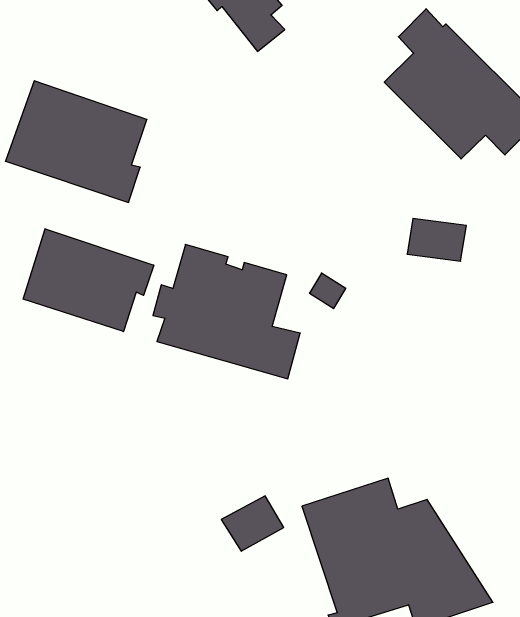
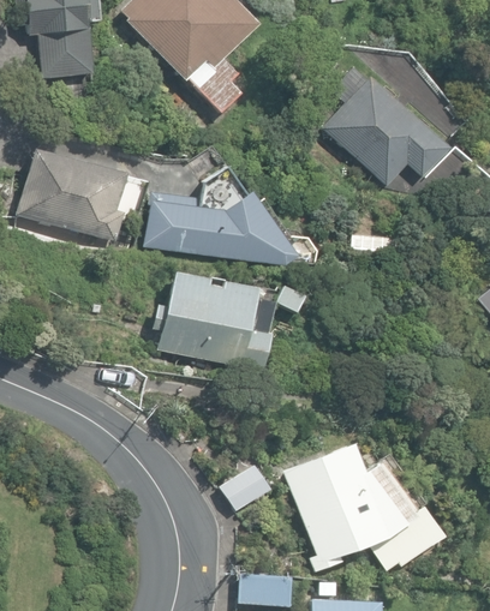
building: none -> [145,164,299,263]
building: [23,229,154,332] -> none

